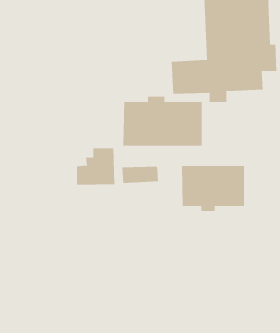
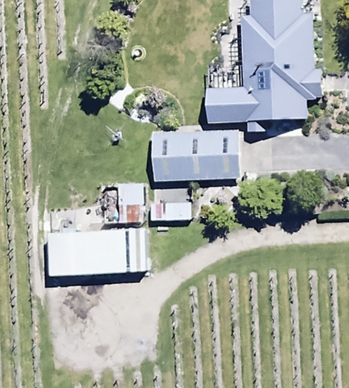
building: [181,165,244,212] -> none
building: none -> [49,230,148,278]

